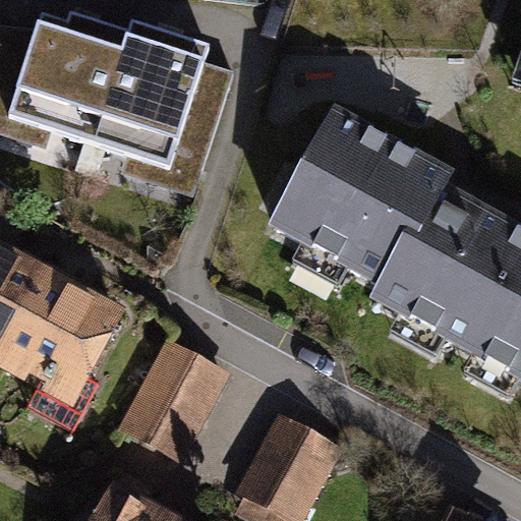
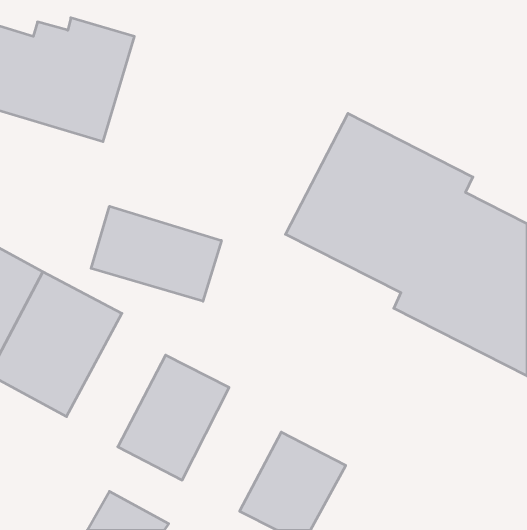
building: [101,25,233,170] -> none
building: none -> [91,206,221,301]

